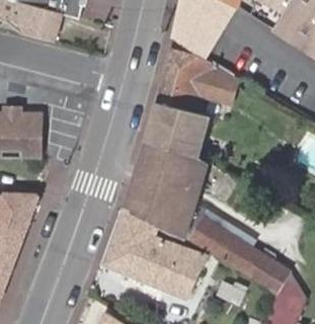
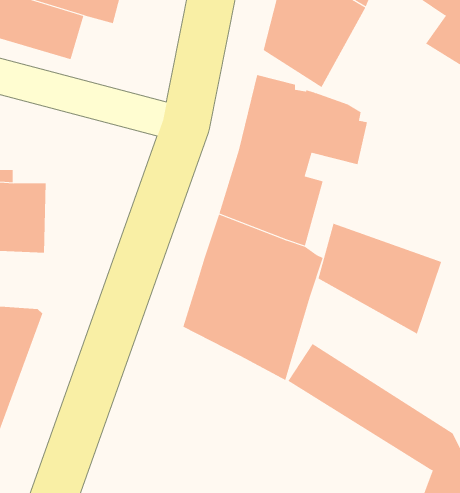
building: none -> [318,223,442,335]
building: [103,207,205,298] -> none

